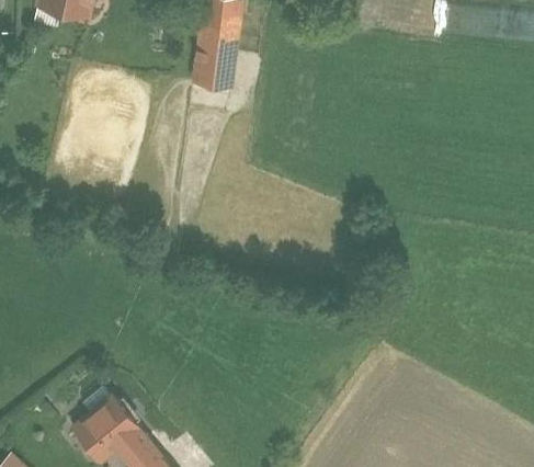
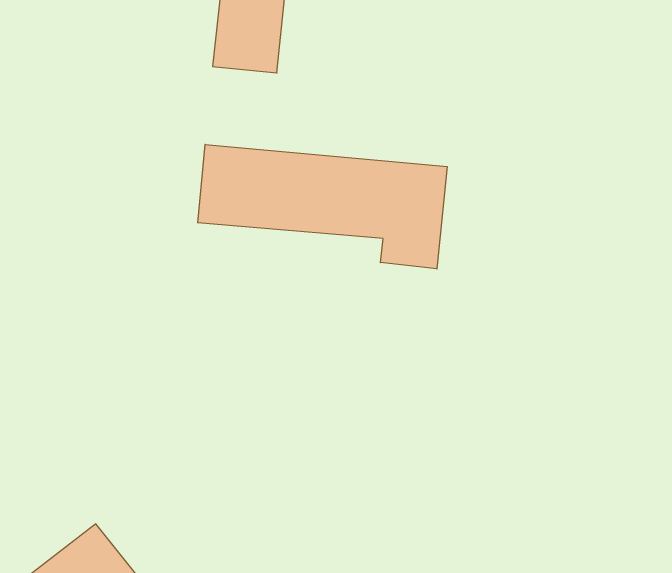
building: none -> [198,144,447,269]

